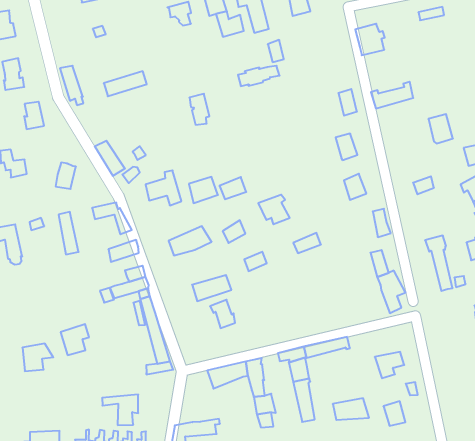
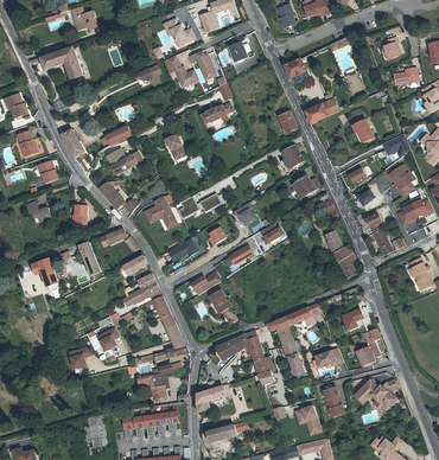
building: none -> [107,147,142,174]

